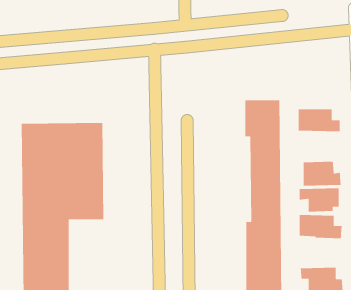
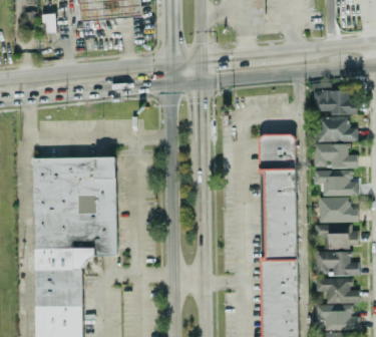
building: none -> [314,89,356,113]
building: none -> [317,118,357,141]
building: none -> [314,170,358,196]
building: none -> [316,277,359,303]

